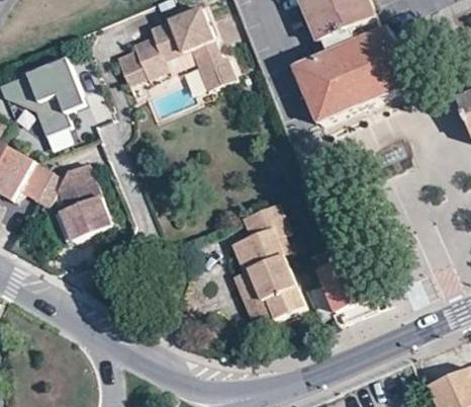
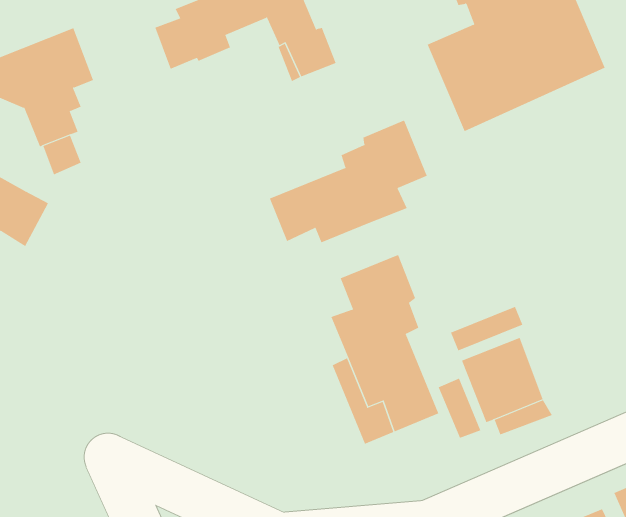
building: none -> [269,120,428,243]
building: [33,161,109,240] -> none

